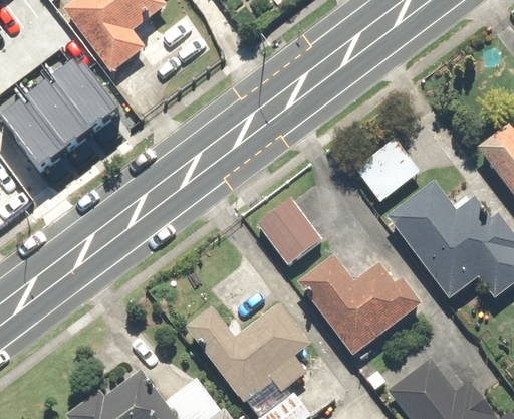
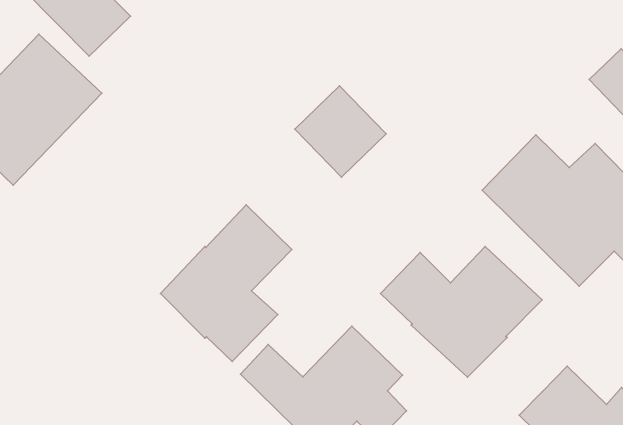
building: [356,142,418,201] -> none
building: [255,194,322,262] -> [295,86,386,177]
building: none -> [161,205,292,362]

